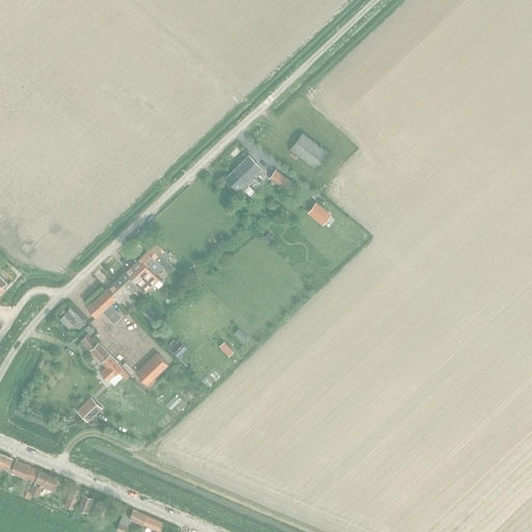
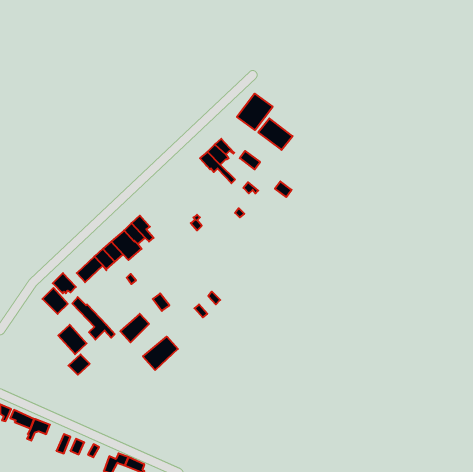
building: none -> [237,94,273,130]
building: none -> [42,288,68,314]
building: none -> [58,325,87,354]
building: none -> [143,337,178,370]

